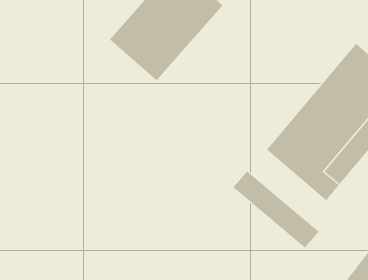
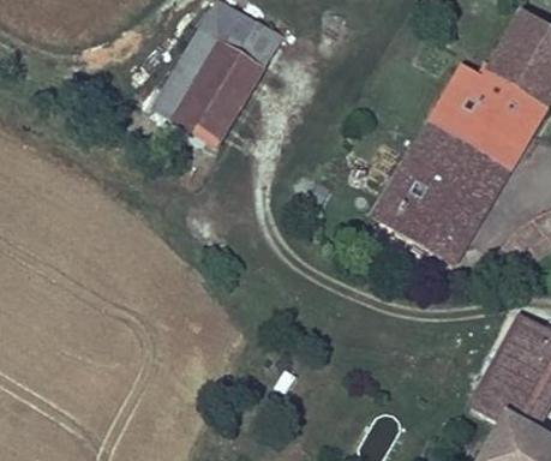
building: [233,171,319,249] -> none

